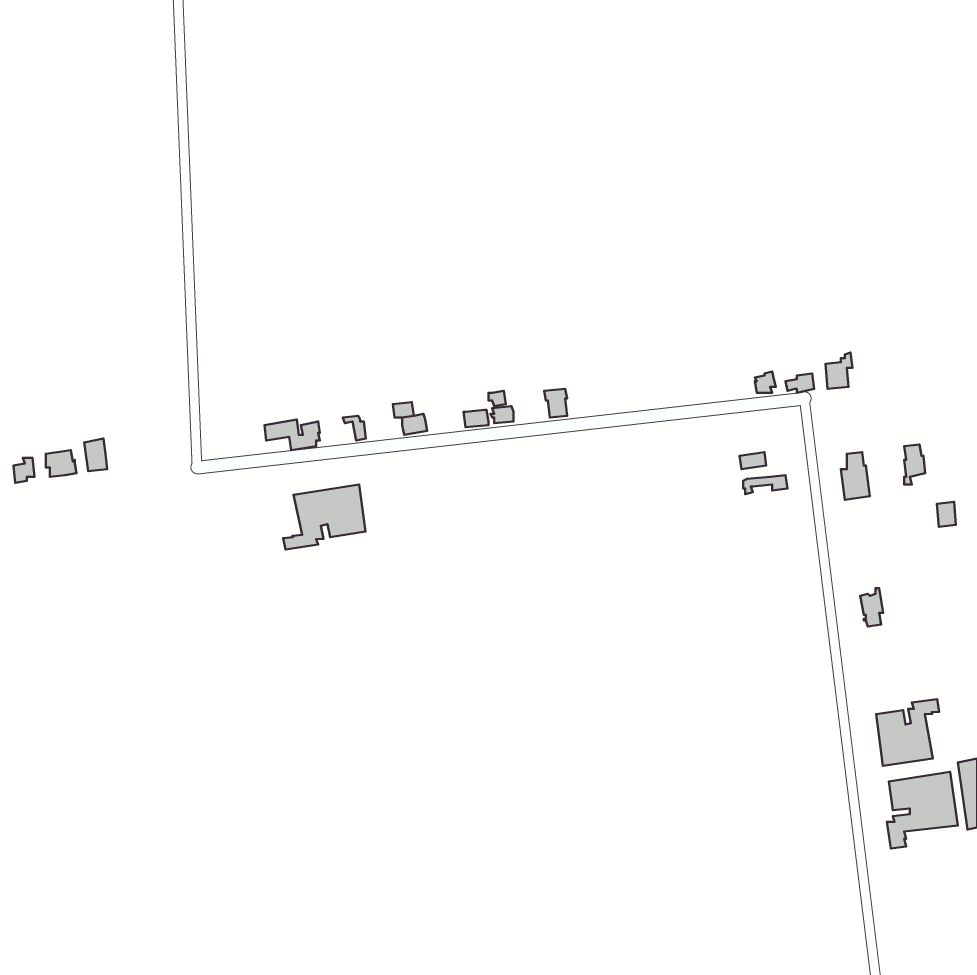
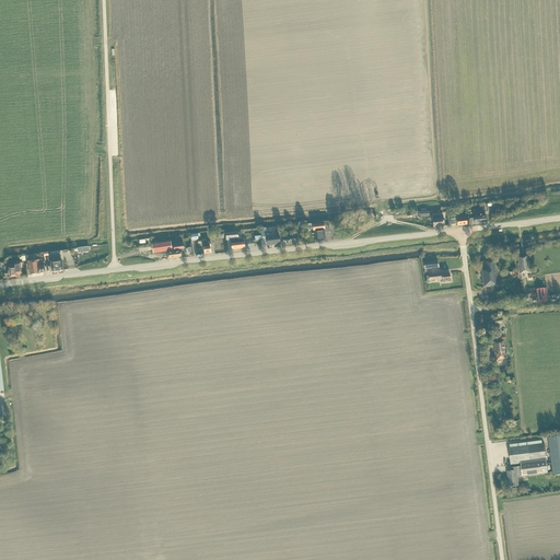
building: [283,485,365,550] -> none
building: [876,699,939,766] -> none

